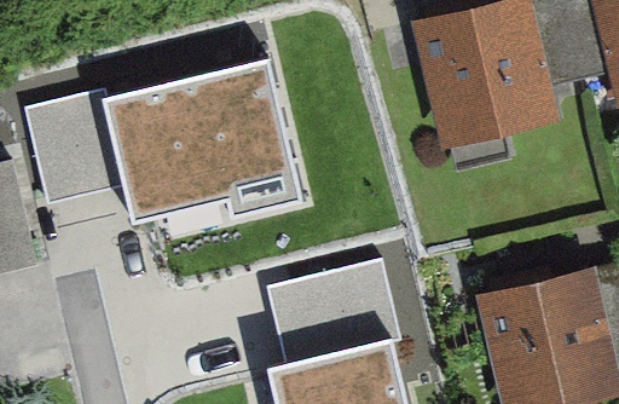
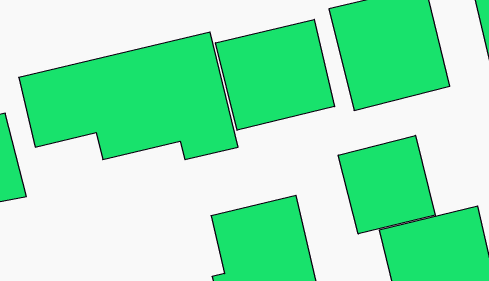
building: none -> [216,19,335,130]
building: none -> [338,135,435,234]

